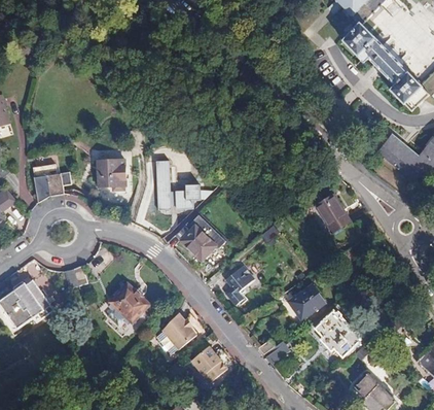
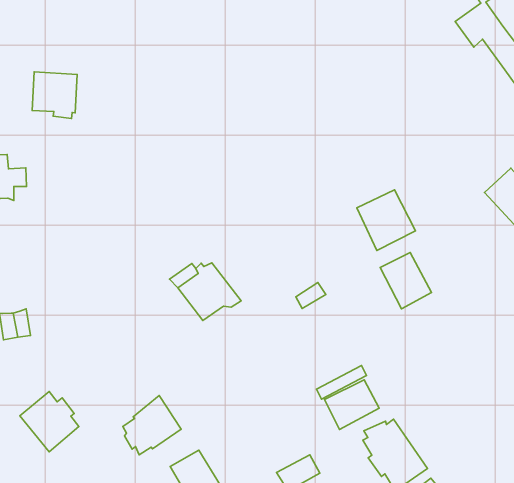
building: none -> [357,190,415,250]
building: [97,159,128,189] -> [32,72,77,119]
building: [157,163,213,210] -> none
building: [224,265,251,304] -> none
building: [107,283,147,323] -> [20,392,79,452]

